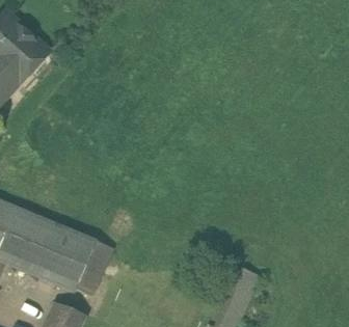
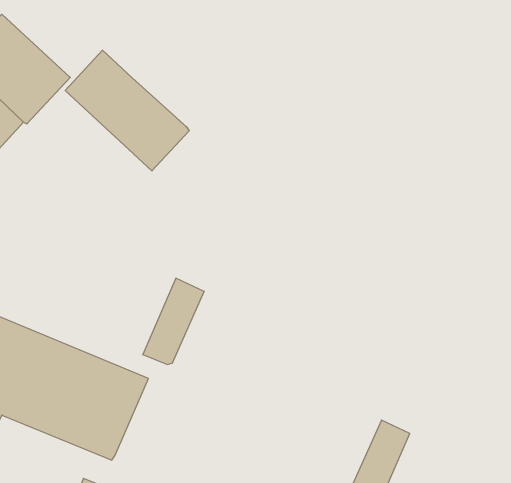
building: none -> [65,50,189,171]
building: [76,239,114,293] -> [143,278,204,365]

